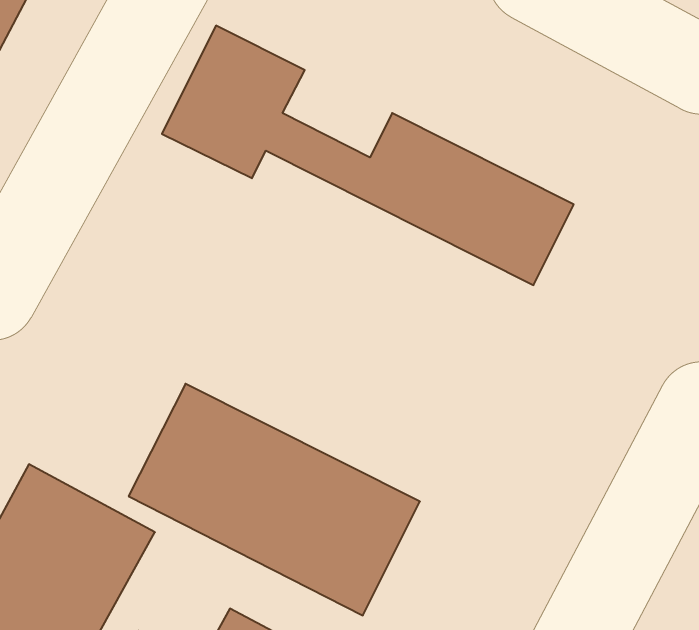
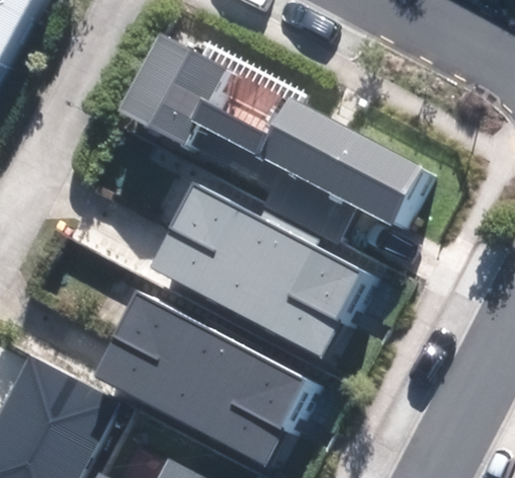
building: none -> [150,183,365,355]

